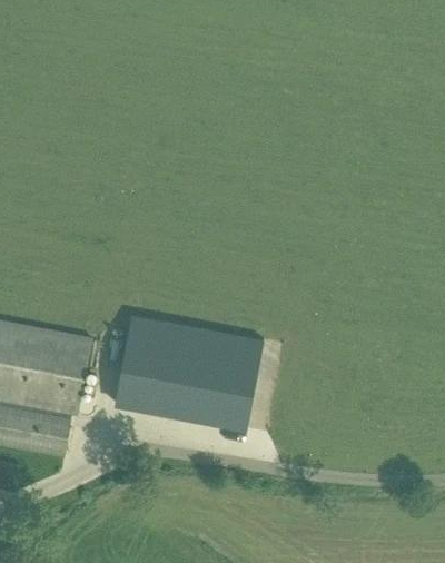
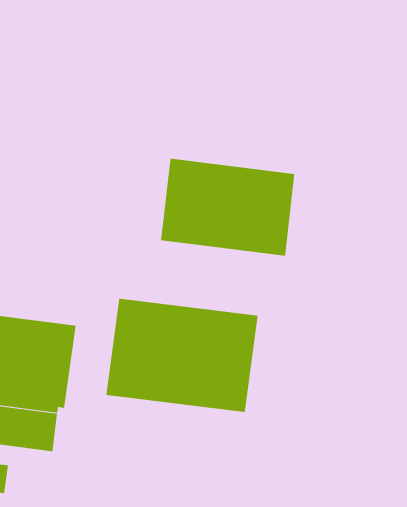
building: none -> [161,158,295,256]

